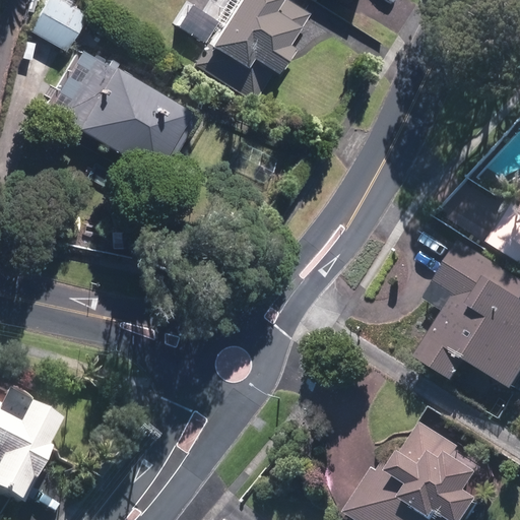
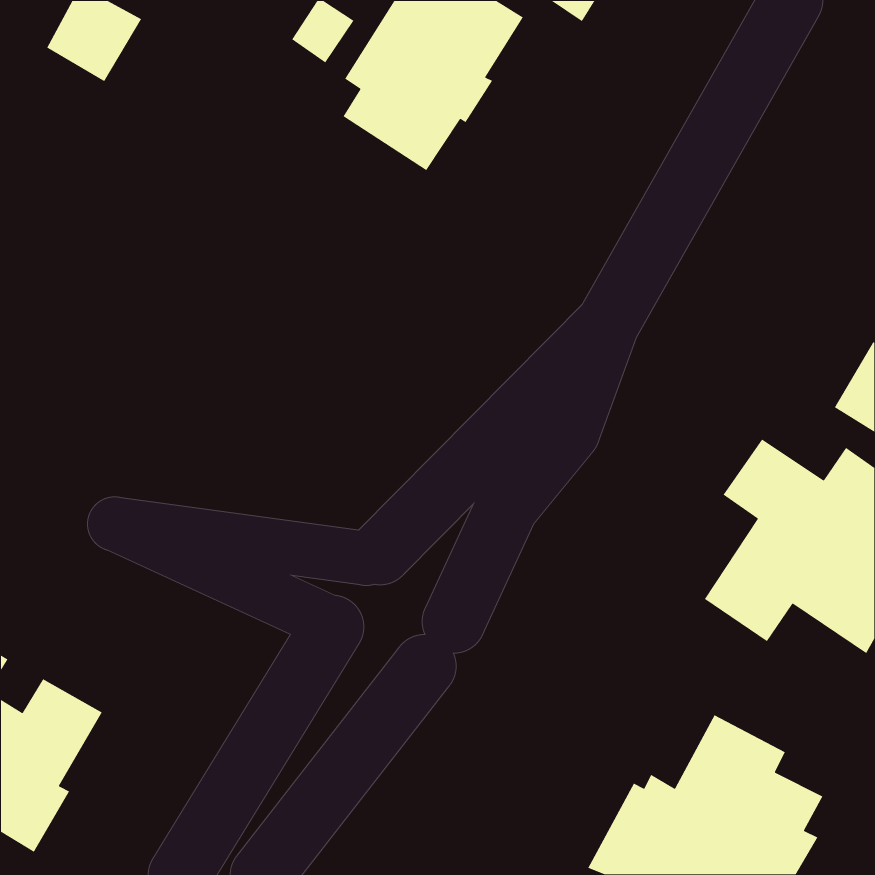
building: [45,46,196,176] -> none

